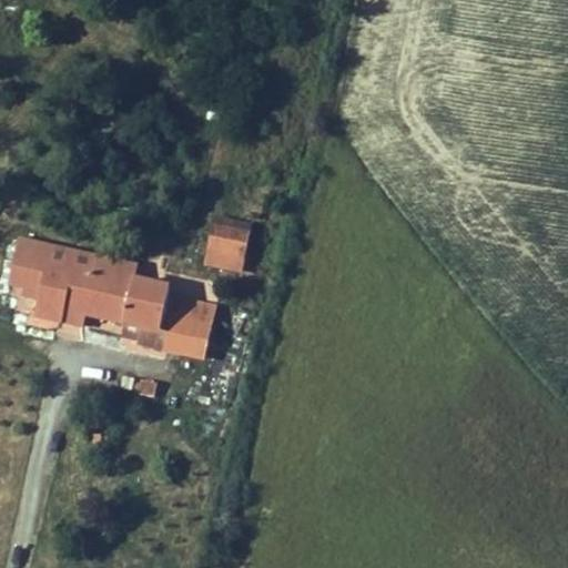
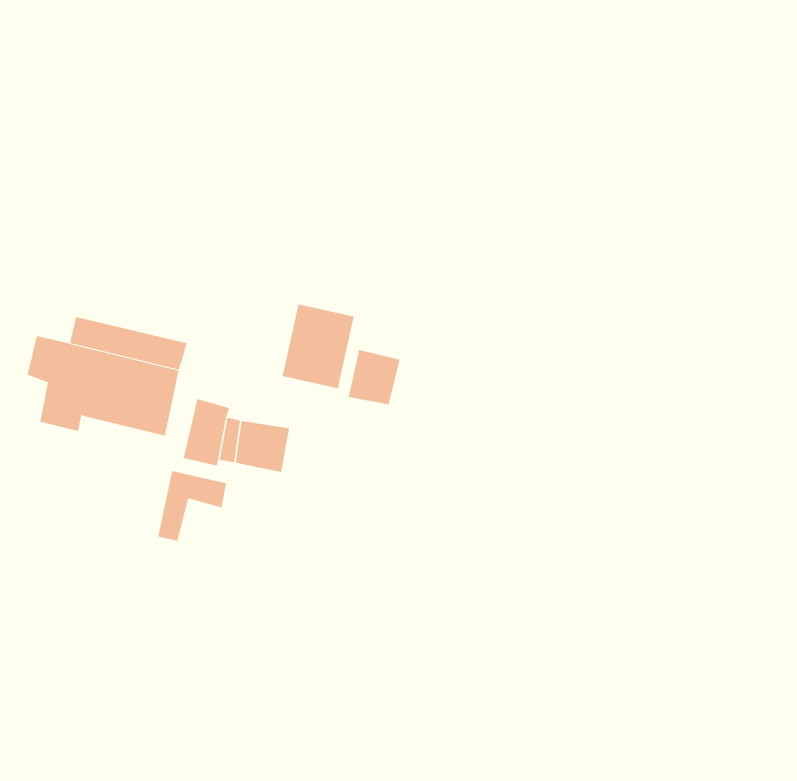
building: none -> [348,349,400,405]
building: [116,277,165,327] -> [157,471,227,541]

